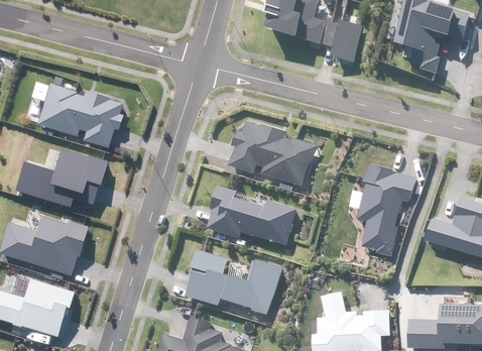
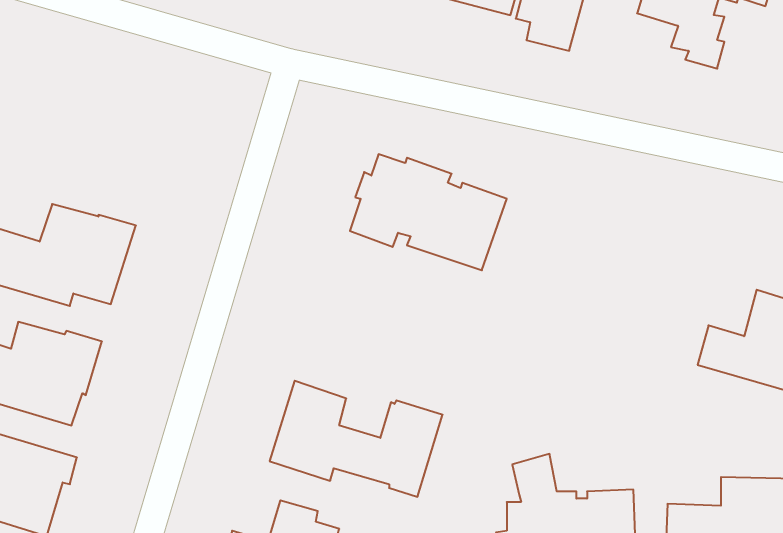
building: [37,83,123,147] -> none
building: [357,164,417,256] -> none
building: [206,186,296,245] -> none

